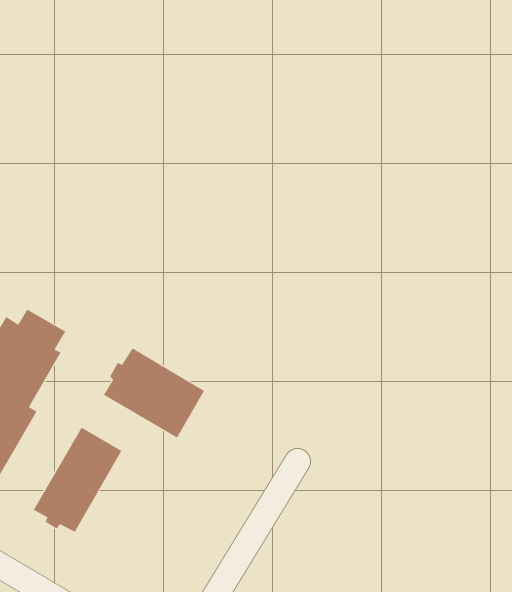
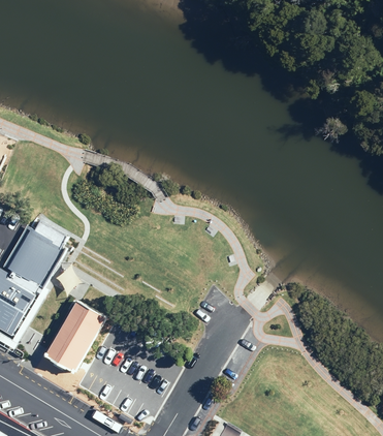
building: [103,348,205,438] -> none

